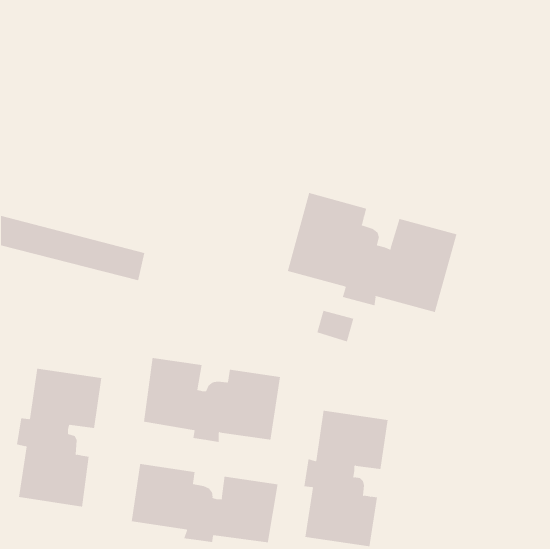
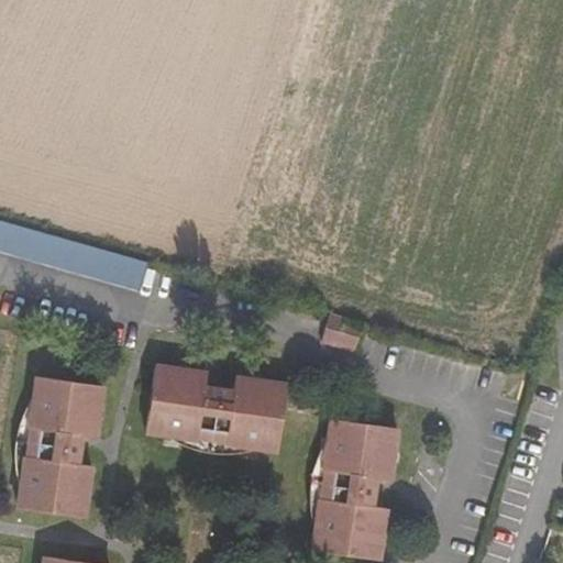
building: [287,192,457,313] -> none
building: [131,463,278,543] -> none

